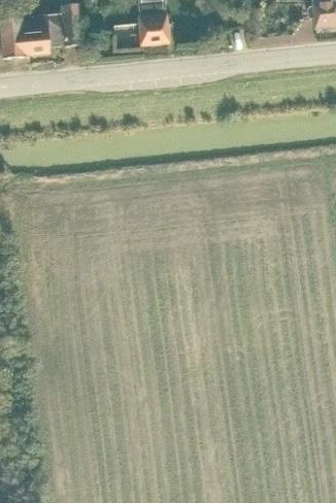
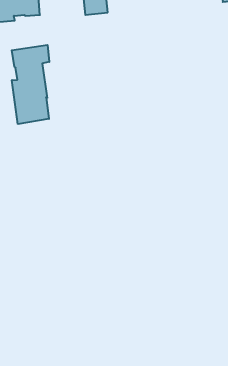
building: none -> [12,45,49,124]

